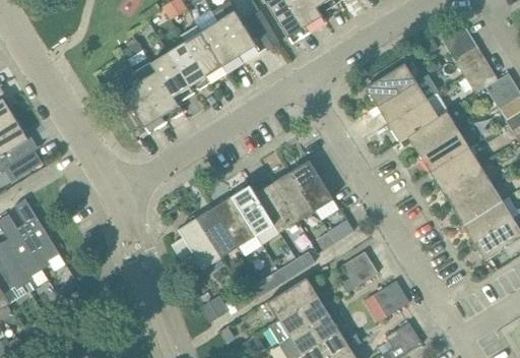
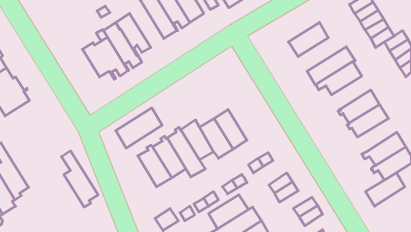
building: [168,41,210,94] -> none
building: [369,74,439,123] -> none
building: [419,129,468,171] -> none
building: [290,160,332,210] -> none
building: none -> [116,108,162,148]
building: [452,182,501,224] -> [366,173,405,206]
building: [13,198,59,268] -> [61,151,98,207]

